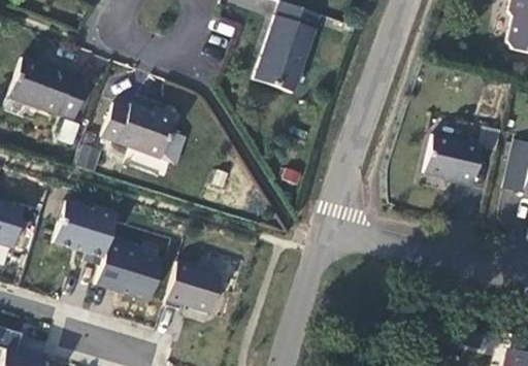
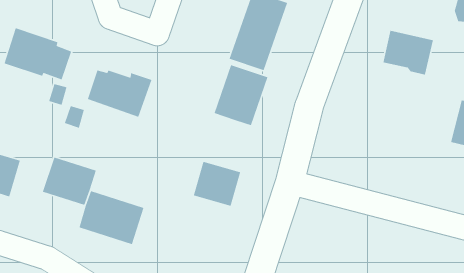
building: none -> [214,64,269,126]
building: [430,133,488,185] -> [383,30,434,76]
building: [163,262,218,313] -> [193,161,241,207]

